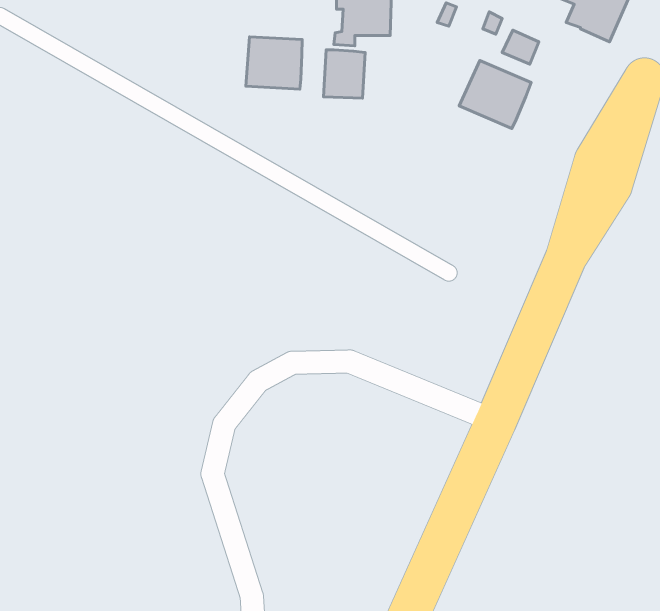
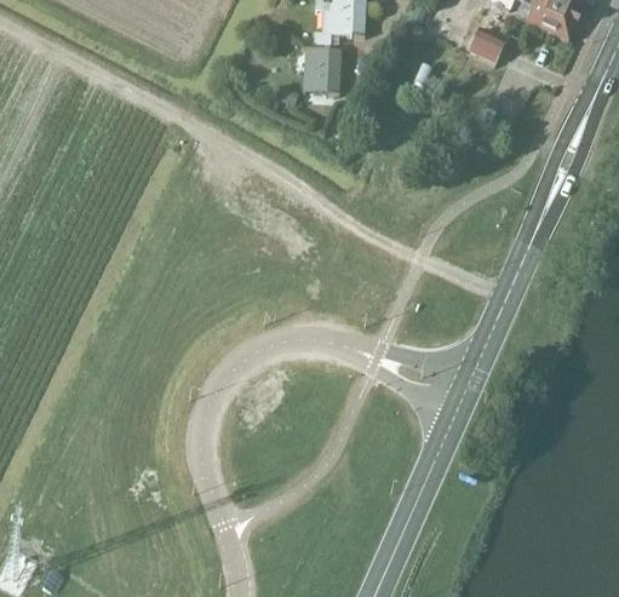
building: [246,37,302,89] -> none
building: [459,61,531,128] -> none

